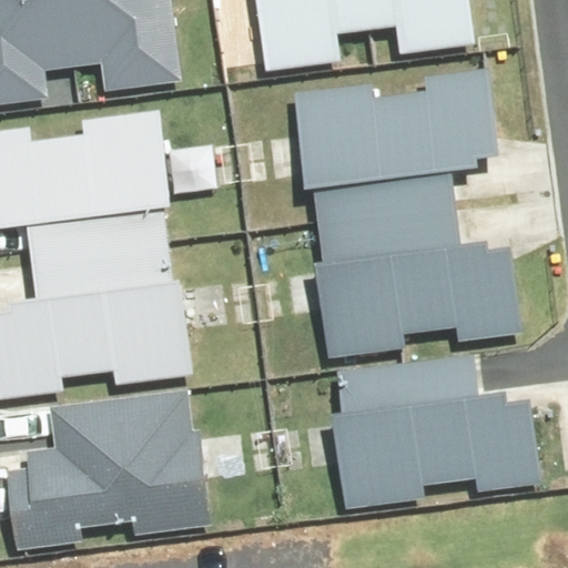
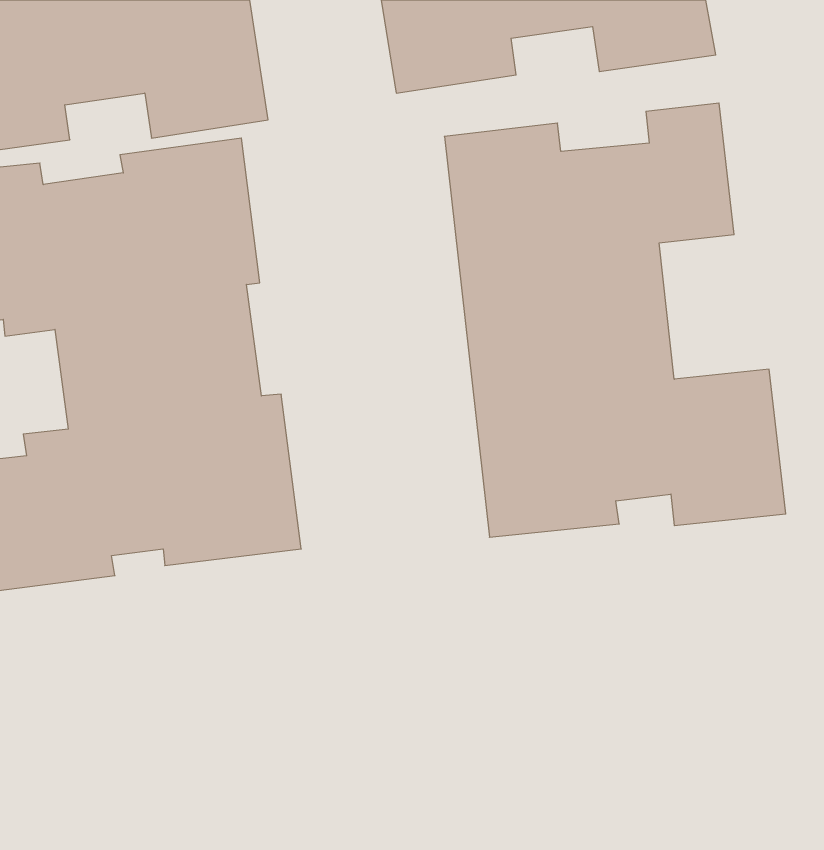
building: [334,356,541,508] -> none
building: [4,393,213,549] -> none

